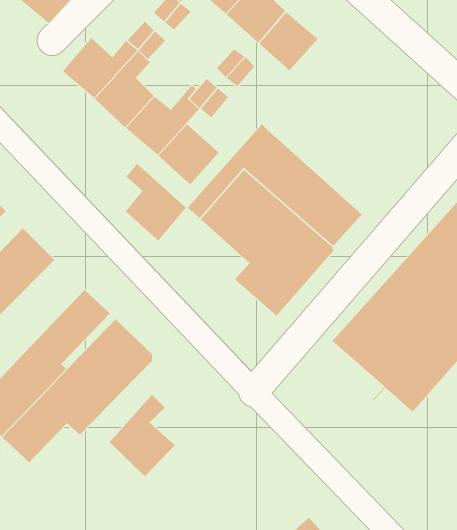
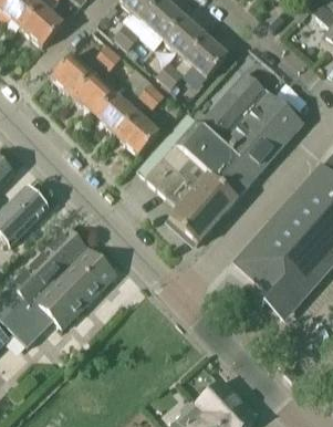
building: none -> [192,70,303,174]
building: [125,163,187,241] -> none
building: [109,394,176,477] -> none

